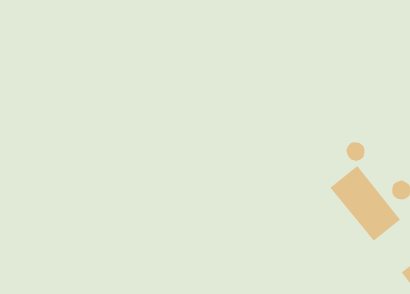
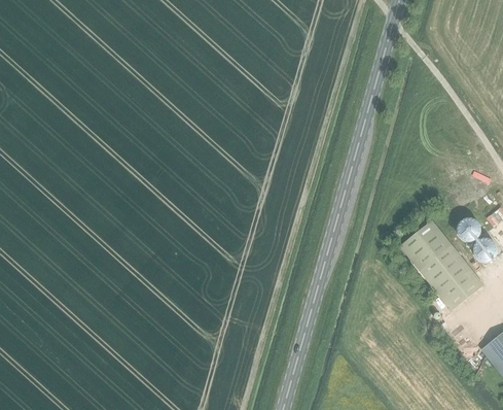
building: [346,142,365,162] -> [457,217,480,241]

